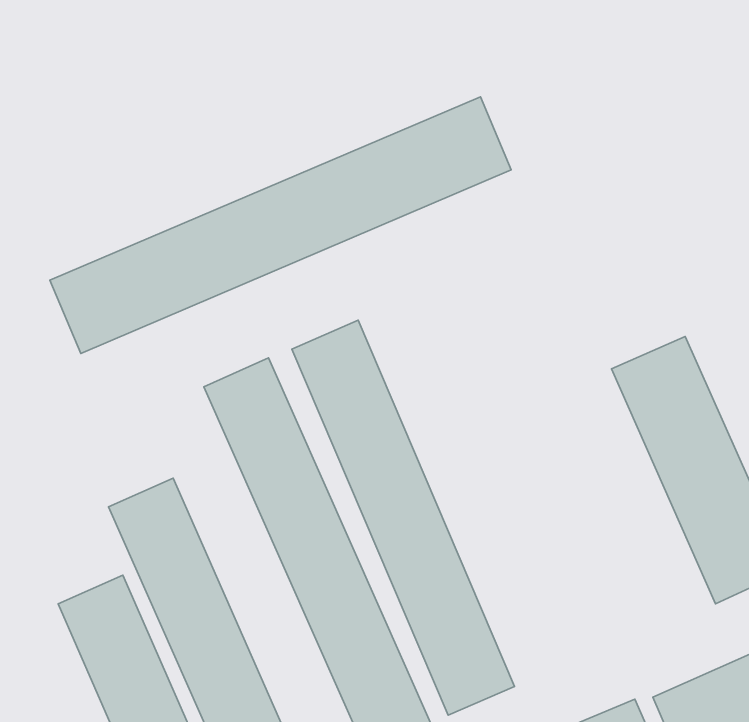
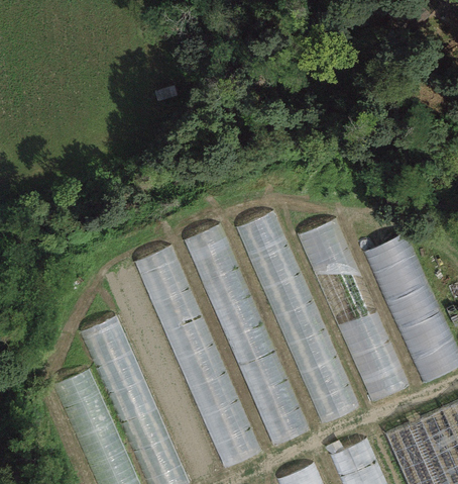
building: [50,97,511,354] -> none
building: none -> [232,214,361,426]
building: none -> [299,219,408,401]

